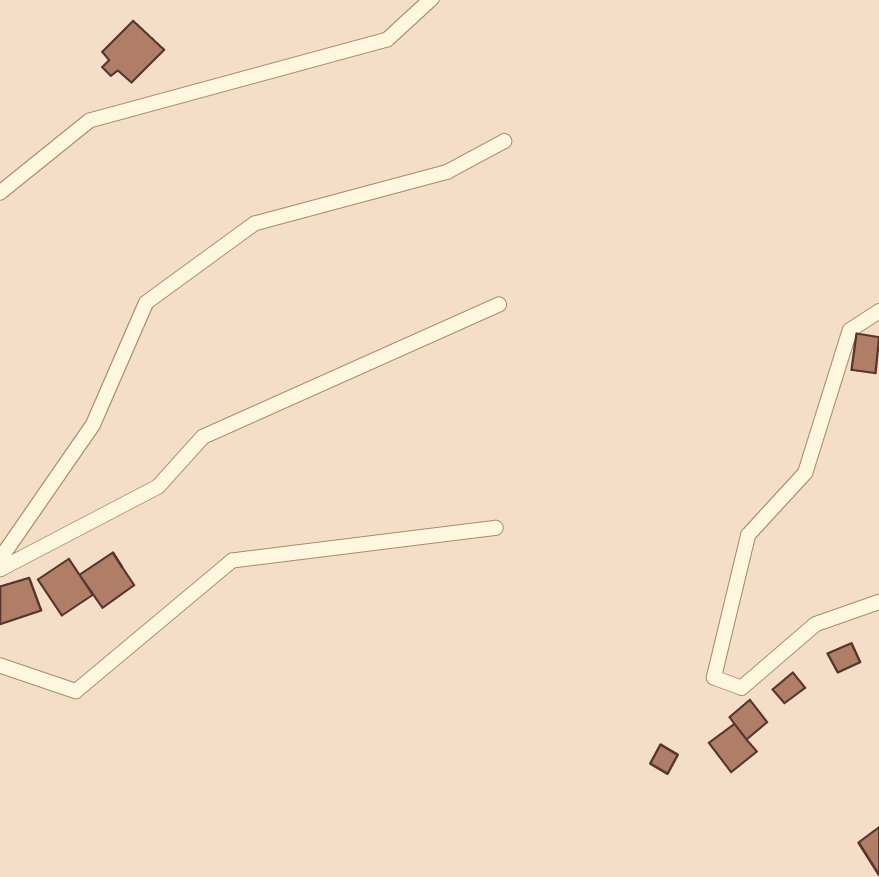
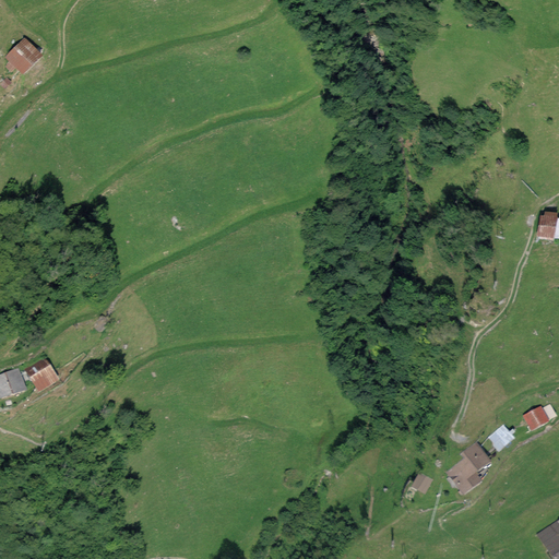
building: [102,21,164,83] -> [5,36,45,75]
building: [79,553,134,608] -> none

